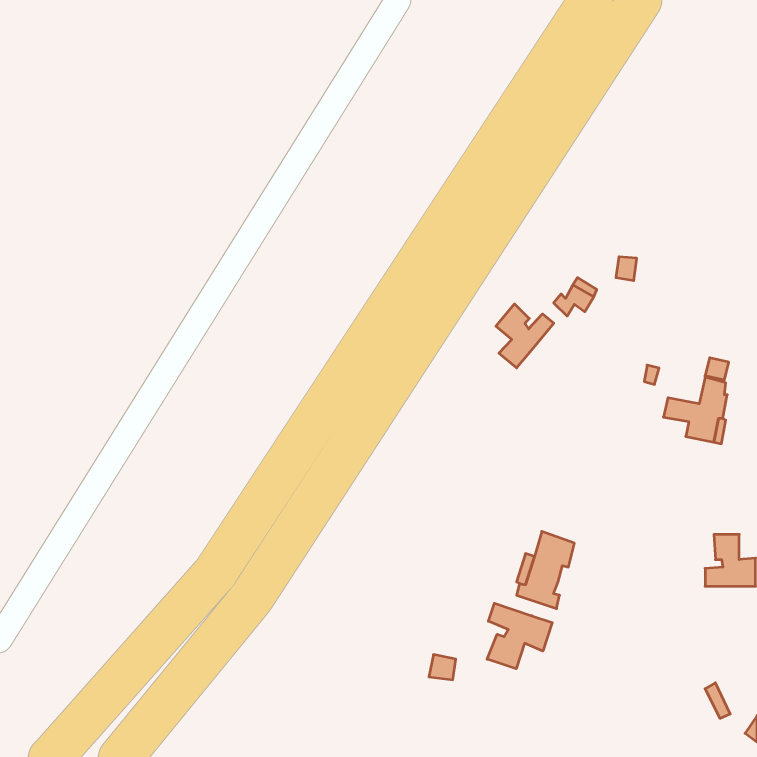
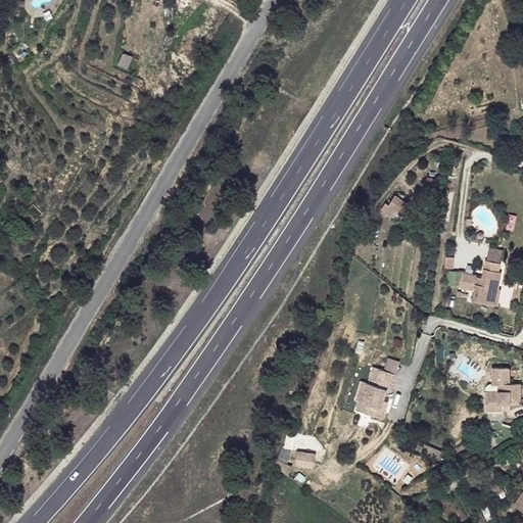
building: [496,304,554,368] -> none
building: [487,603,552,669] -> none

